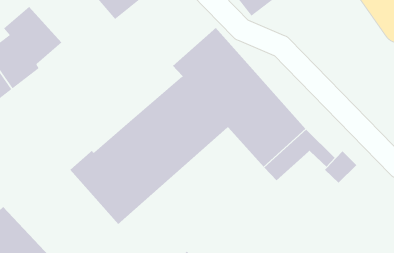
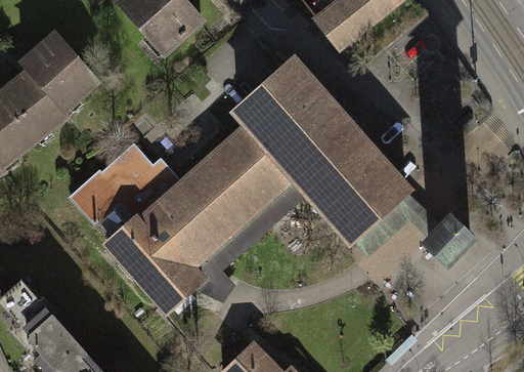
building: none -> [68,143,182,238]

